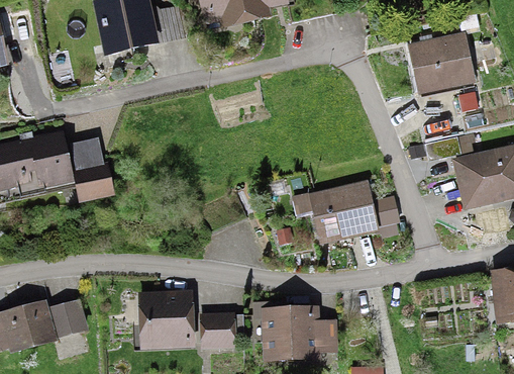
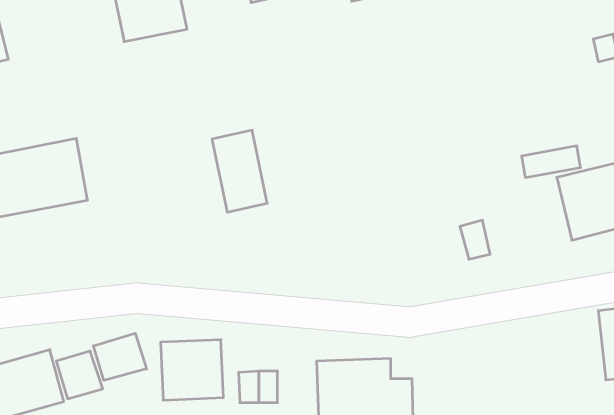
building: [409,31,476,96] -> none
building: [72,135,116,201] -> [212,130,267,212]
building: [311,180,381,245] -> none
building: none -> [93,333,147,380]

